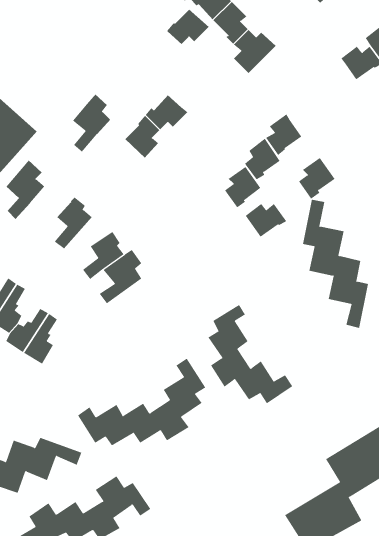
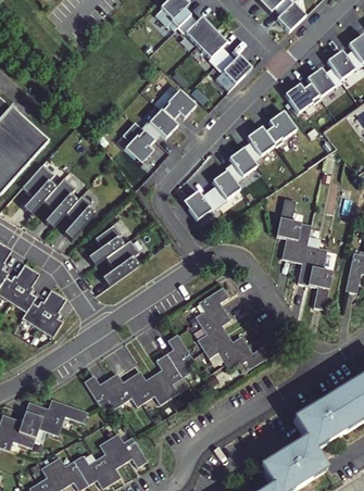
building: [166,9,210,45] -> [159,89,196,119]
building: none -> [285,83,321,112]
building: [72,94,112,153] -> [43,178,77,228]
building: [298,157,335,199] -> [264,110,296,146]
building: [245,203,287,238] -> [183,190,218,219]

